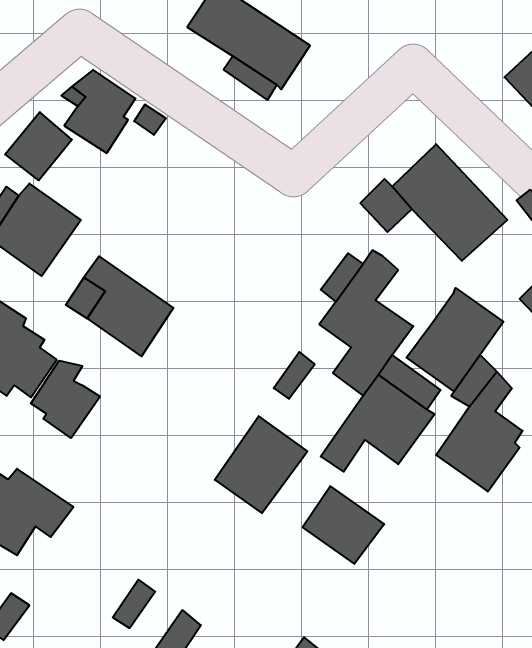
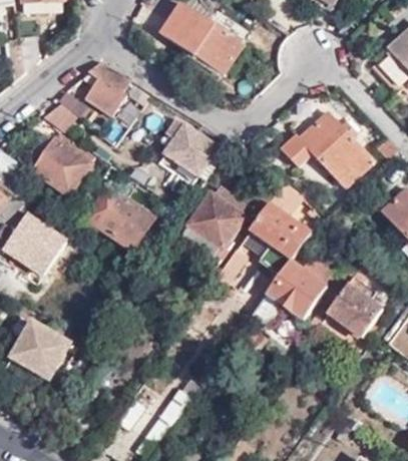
building: none -> [165,116,219,179]
building: [406,288,503,392] -> none
building: [31,361,100,438] -> none
building: [215,416,307,513] -> [180,191,242,256]
building: [303,486,384,564] -> none

